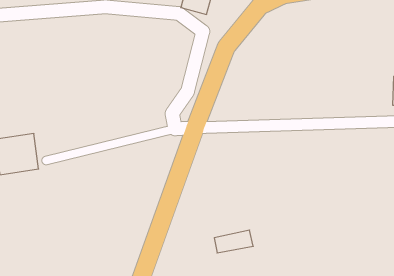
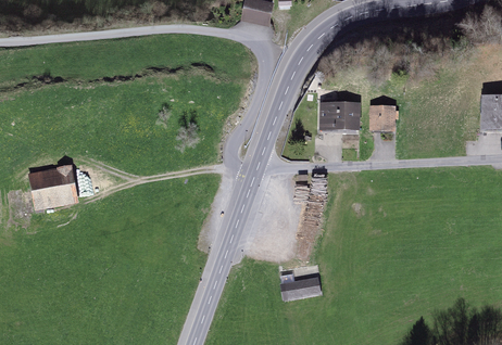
building: none -> [317,101,361,129]
building: none -> [371,104,398,130]

